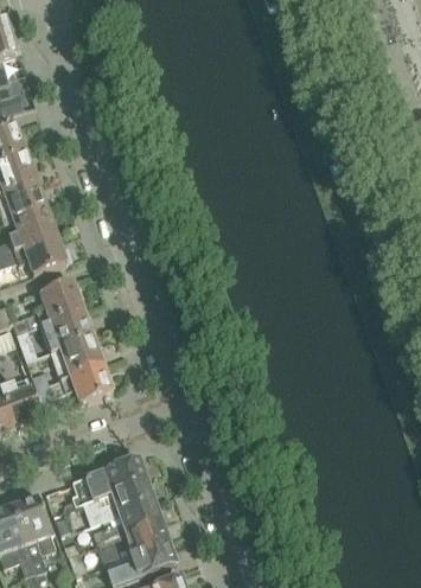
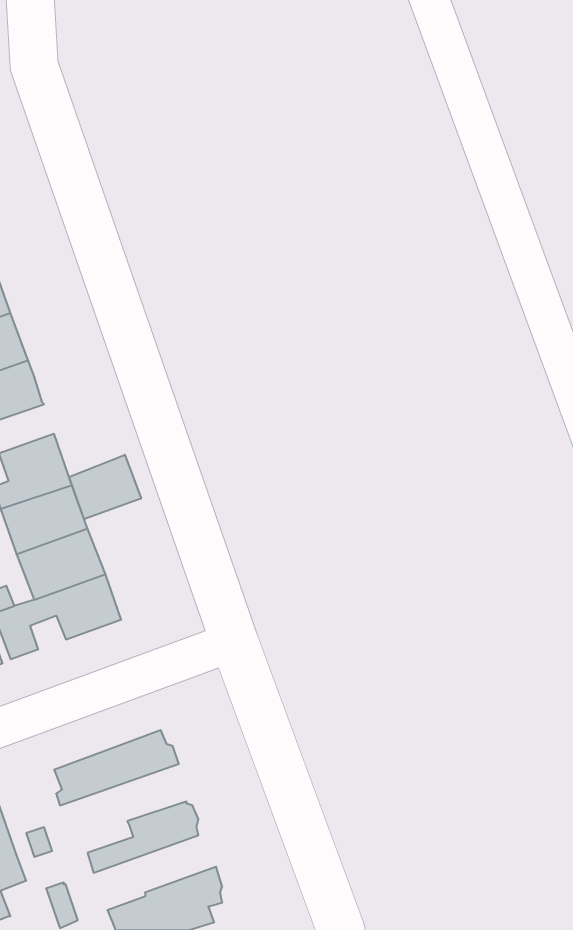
building: none -> [69,455,141,519]
building: [77,478,153,524] -> none
building: [97,520,171,565] -> none

